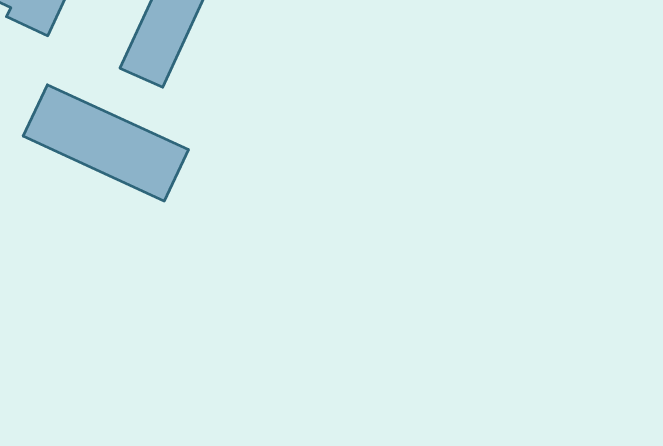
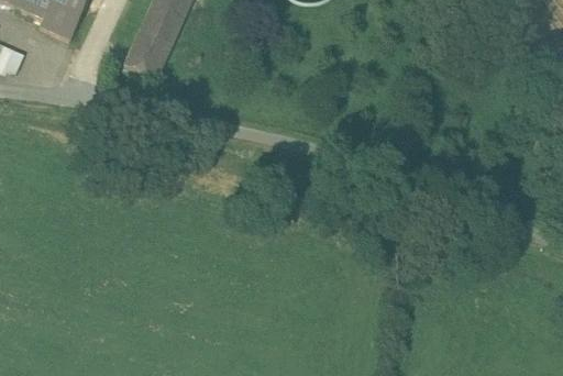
building: [23,85,188,201] -> none

